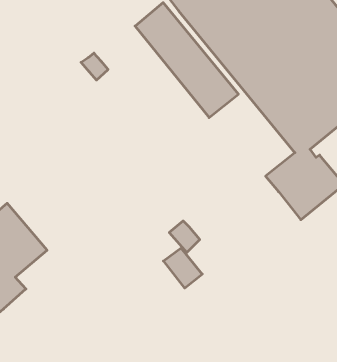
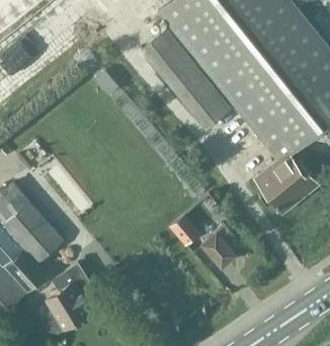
building: [163,248,202,288] -> [204,233,238,268]
building: none -> [45,263,94,332]

